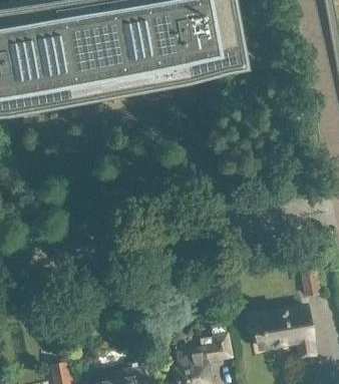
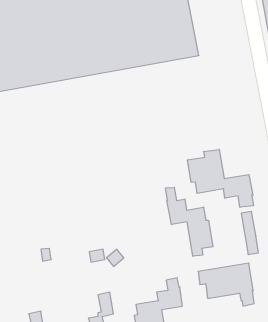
building: none -> [187,149,253,207]
building: none -> [166,187,213,256]

